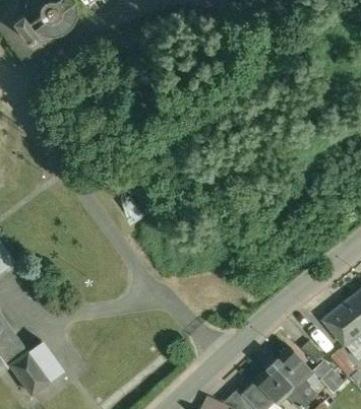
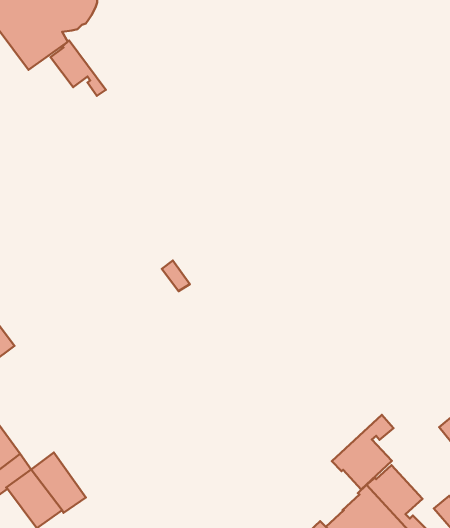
building: none -> [50,41,106,96]
building: none -> [332,415,394,489]

